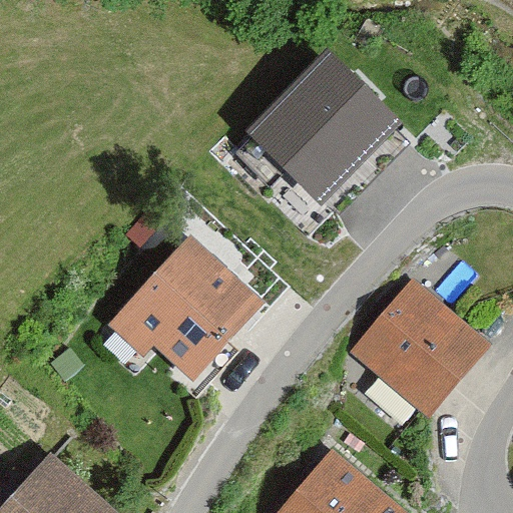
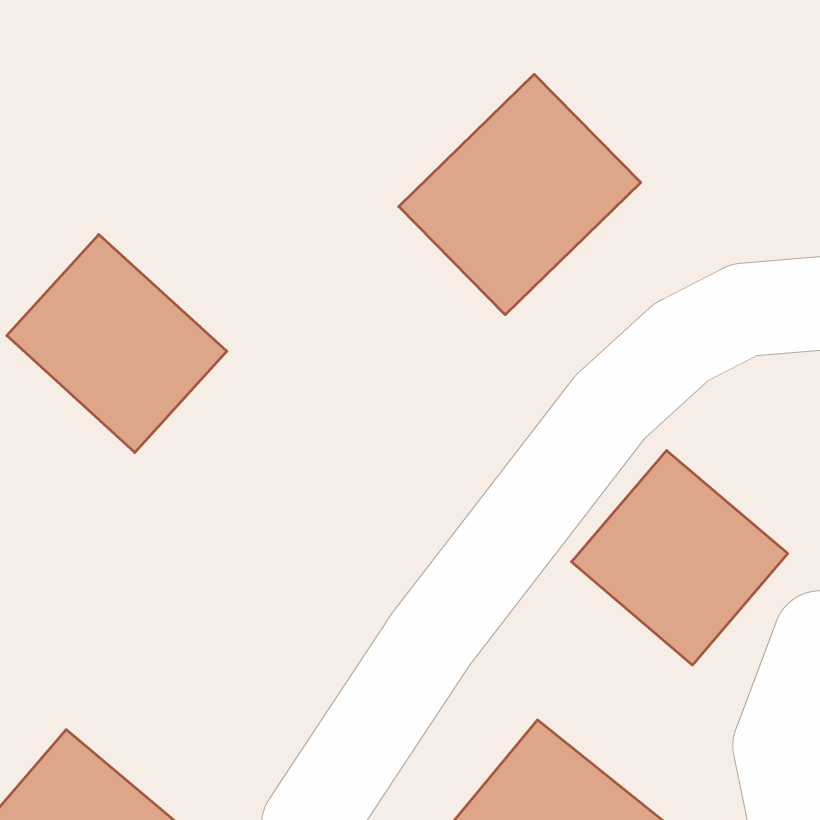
building: none -> [7,234,227,453]
building: [105,232,268,388] -> none

